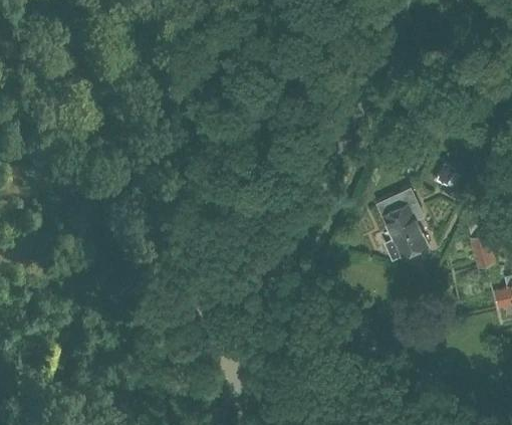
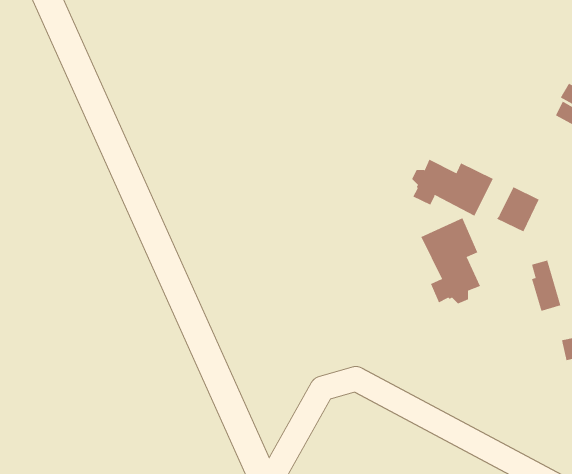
building: none -> [412,159,494,217]

